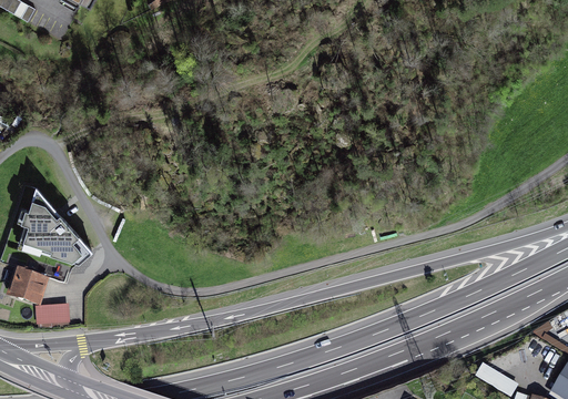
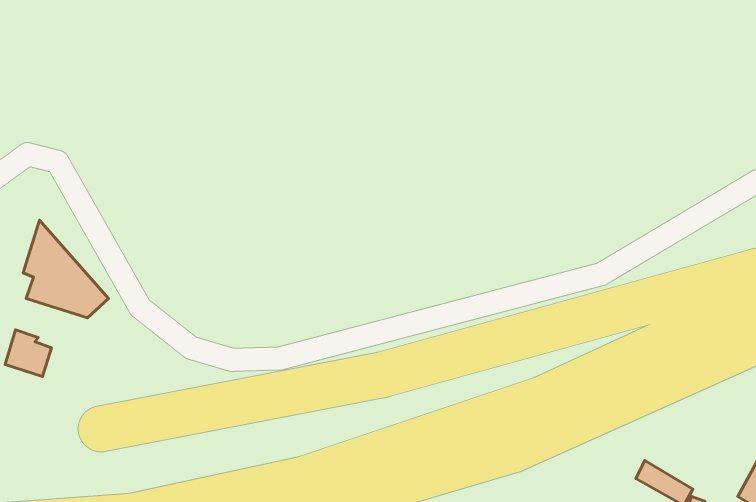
building: [36,306,68,324] -> none

